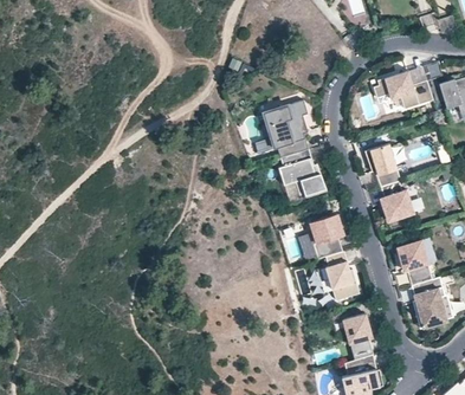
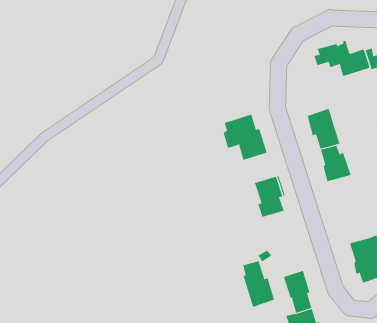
building: [263,101,309,158] -> none
building: [396,240,433,286] -> none
building: [327,252,361,302] -> [242,261,275,308]

